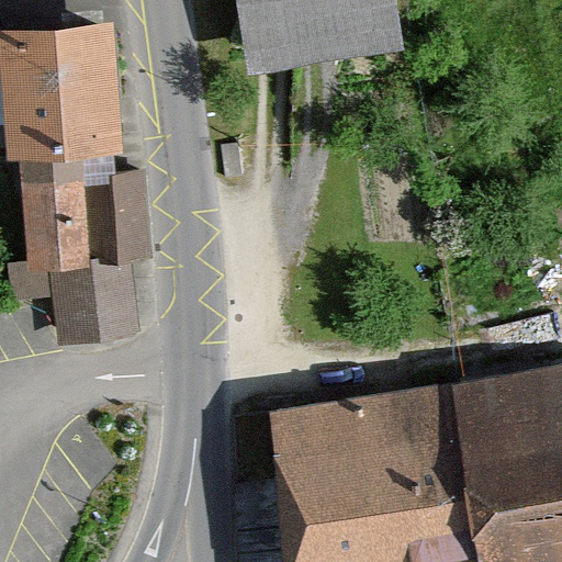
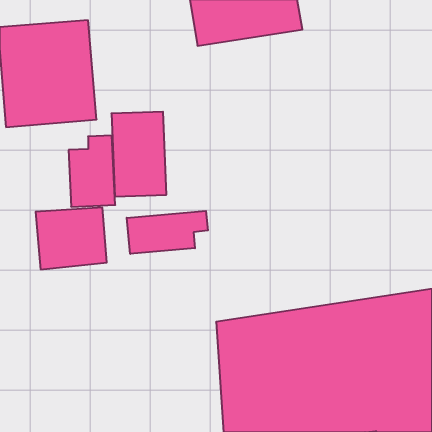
building: [16,161,88,271] -> [111,112,166,197]
building: none -> [127,211,208,254]

